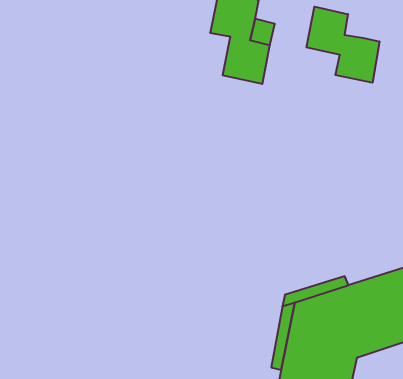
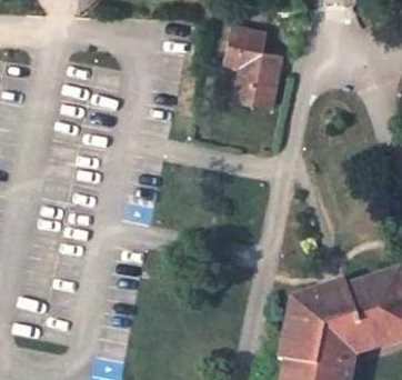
building: [307,7,379,83] -> none

